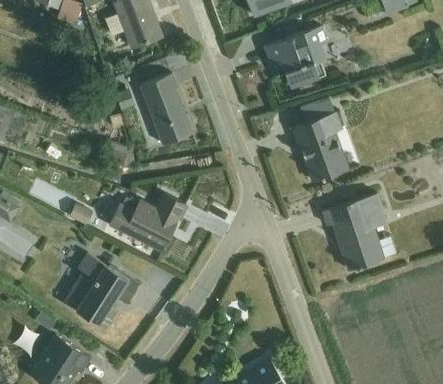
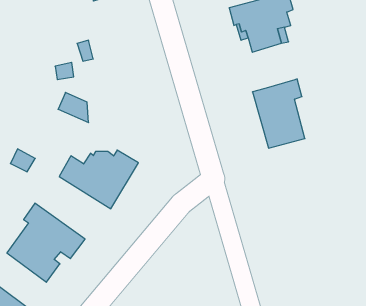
building: [140,74,192,145] -> none
building: [298,96,334,123] -> none
building: [322,193,395,270] -> none

